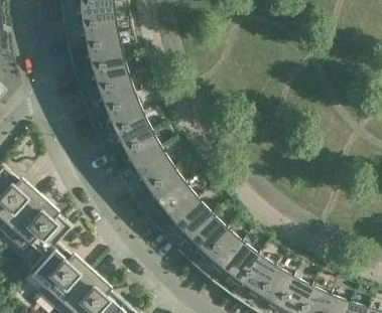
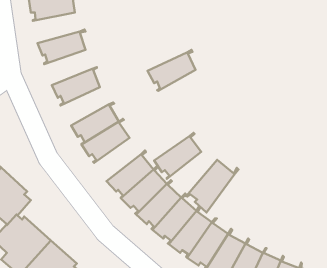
building: [72,31,122,65] -> none
building: [84,71,134,110] -> none
building: [101,109,151,152] -> [147,50,195,91]
building: [136,162,185,210] -> [154,133,201,179]
building: none -> [186,160,239,212]

